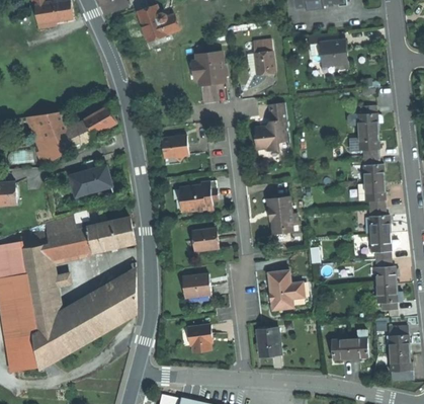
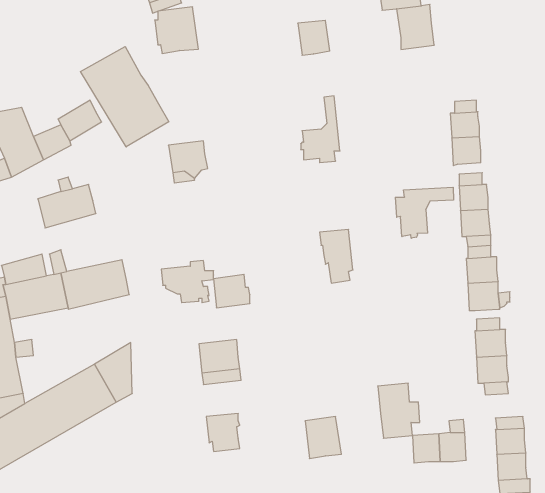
building: [194,52,225,84] -> [155,7,198,53]
building: none -> [80,47,169,147]
building: none -> [395,187,453,238]
building: [180,181,217,211] -> [161,261,214,303]
building: [267,270,296,309] -> [378,383,420,438]

